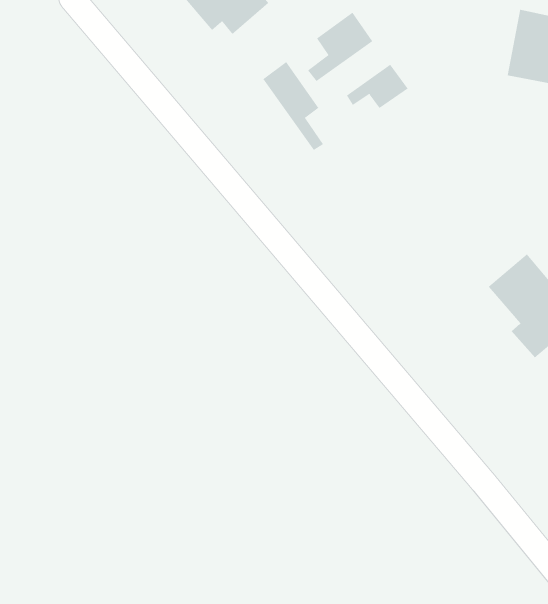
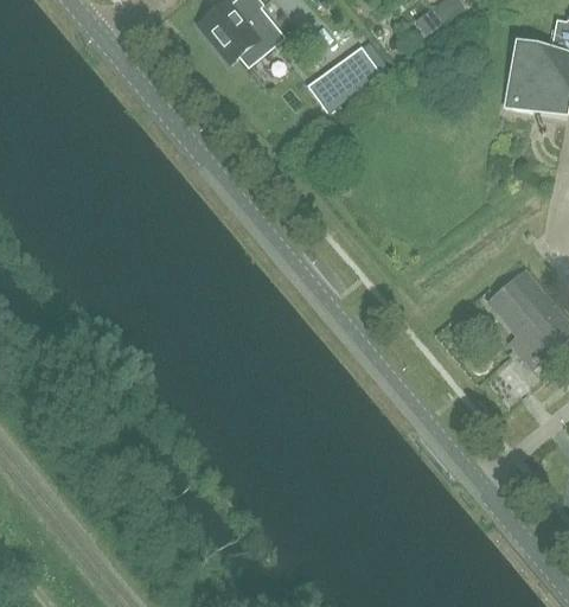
building: [263,61,324,151] -> none
building: [346,64,408,109] -> none

